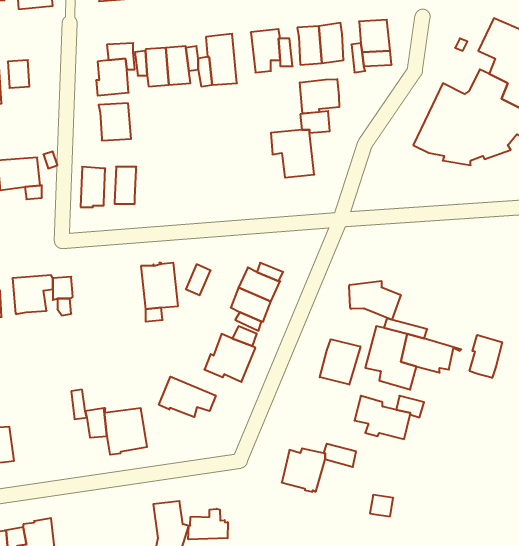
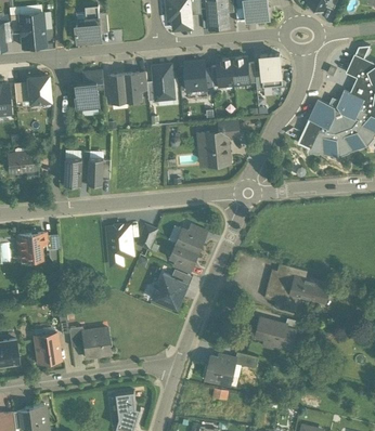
building: [300,79,339,114] -> none
building: [99,103,131,140] -> [26,77,49,103]
building: [349,281,401,320] -> none
building: [470,335,502,378] -> none
building: [320,339,360,385] -> none
building: [159,377,216,417] -> none
building: none -> [34,332,59,364]
building: [188,509,228,539] -> none

